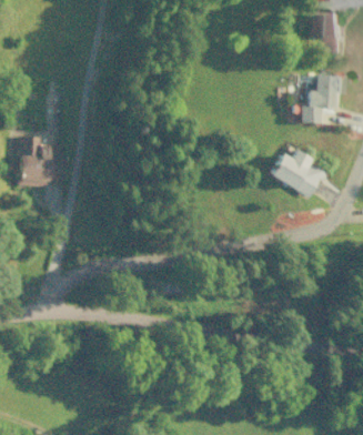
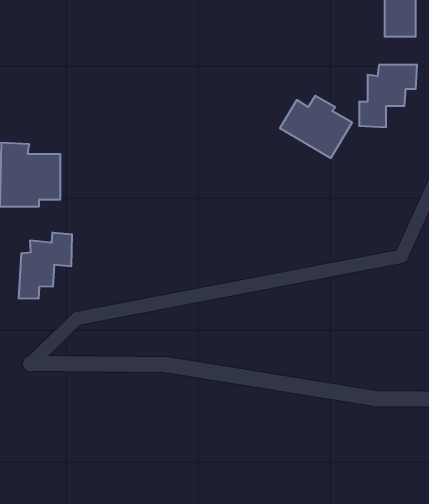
building: [262,150,319,199] -> [280,96,352,158]
building: none -> [19,232,72,299]

